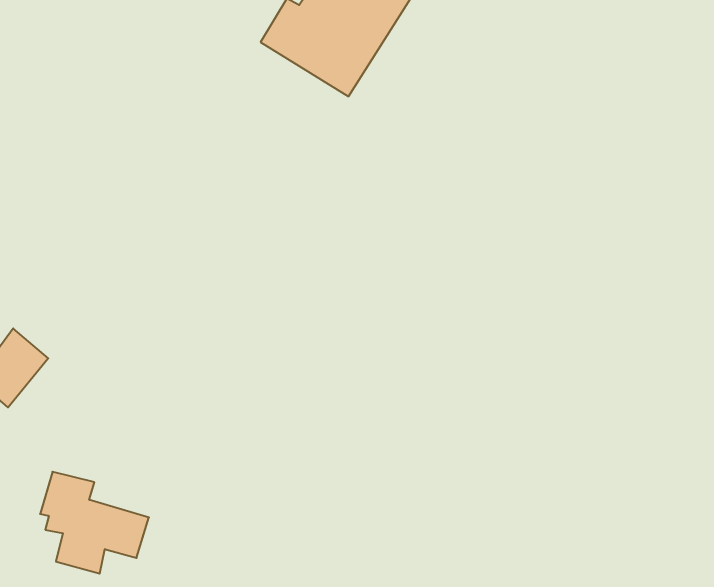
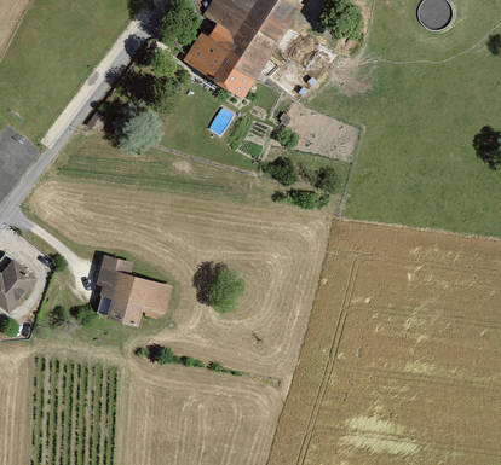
building: [40,472,149,574] -> [96,256,171,326]

